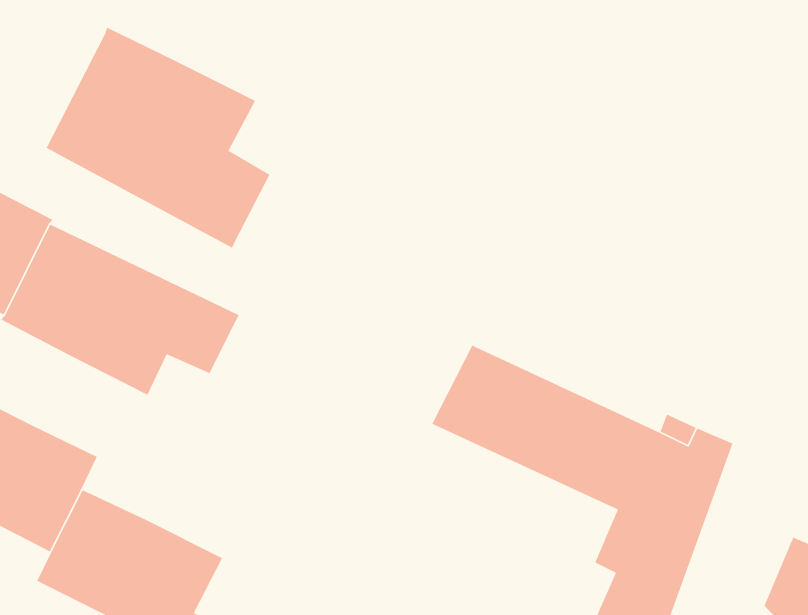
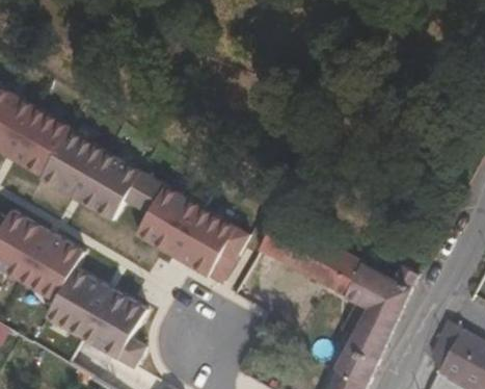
building: [46,27,270,249] -> none
building: none -> [136,188,251,285]

